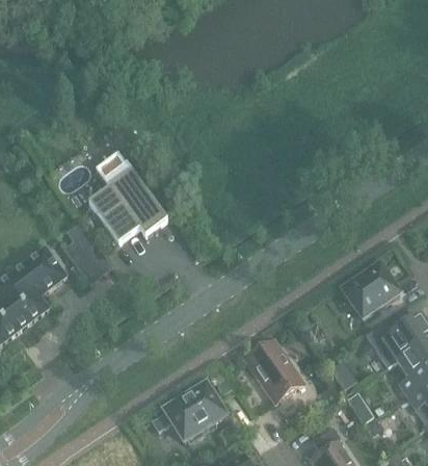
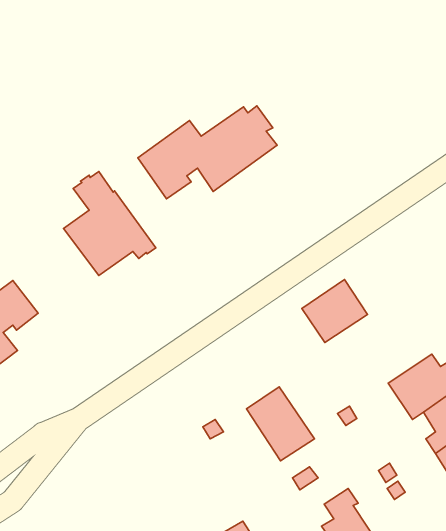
building: none -> [138,106,277,199]
building: [343,262,399,316] -> [302,280,367,342]
building: [151,382,225,440] -> none

